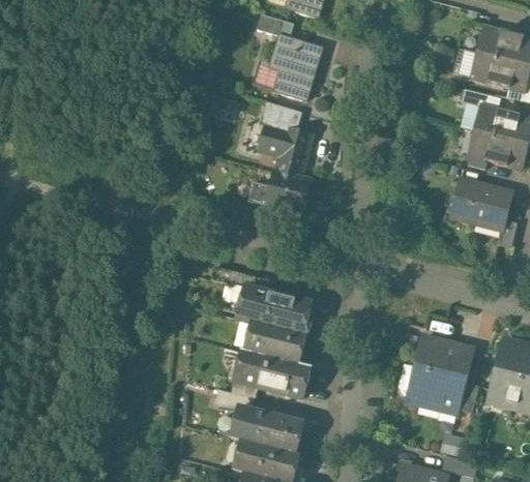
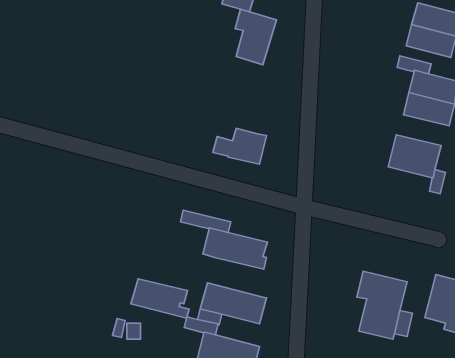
building: [259,101,311,178] -> none
building: [241,321,308,366] -> [131,279,189,318]
building: [400,364,425,397] -> none

